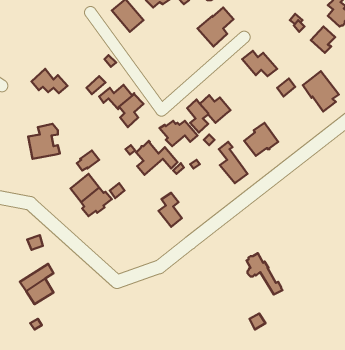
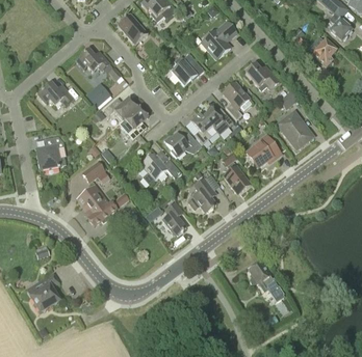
building: none -> [75,49,109,72]
building: none -> [171,52,204,85]
building: none -> [223,81,251,118]
building: [303,71,339,111] -> [276,110,311,149]
building: none -> [188,177,215,213]

